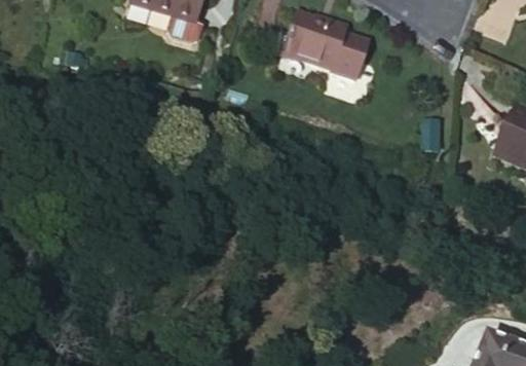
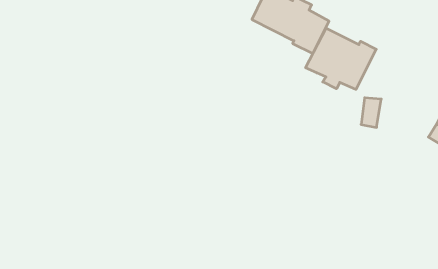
building: none -> [306,28,376,89]

